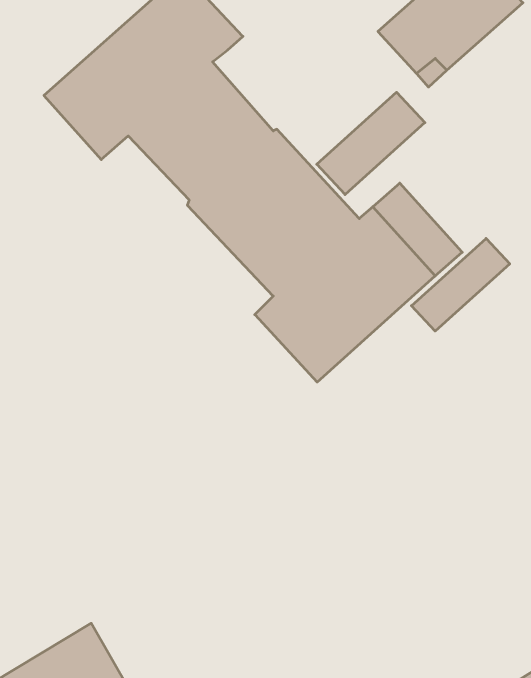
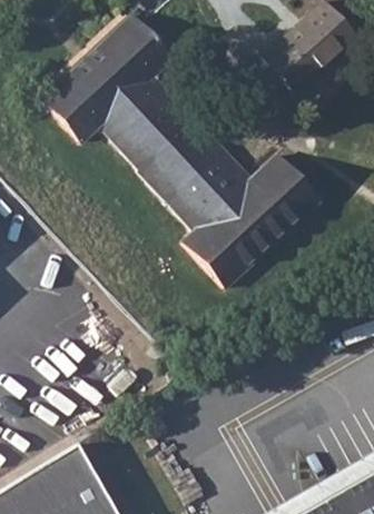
building: [317,92,425,195] -> none
building: [411,238,510,331] -> none

